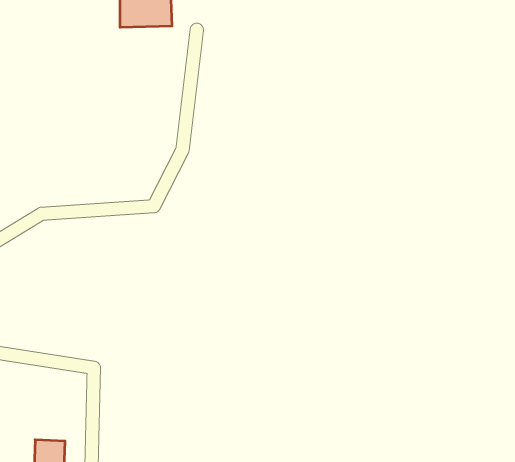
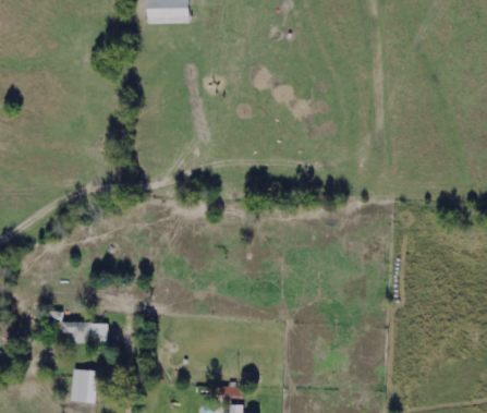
building: none -> [60,321,95,342]

